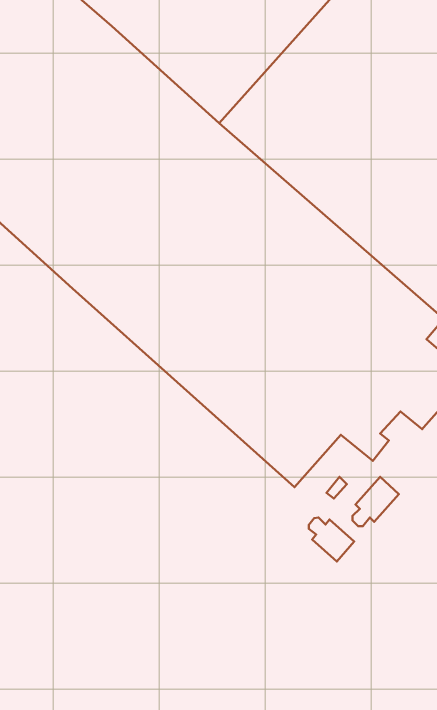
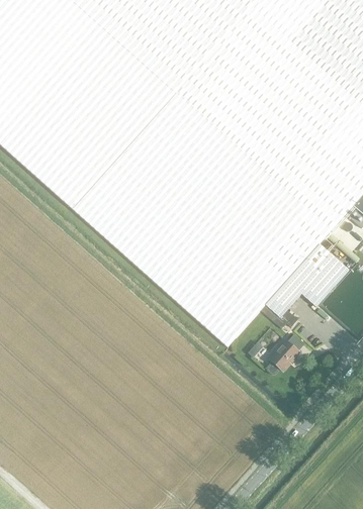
building: [309,517,354,562] -> none

